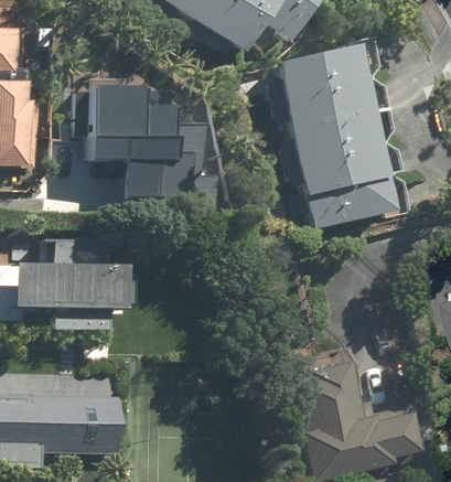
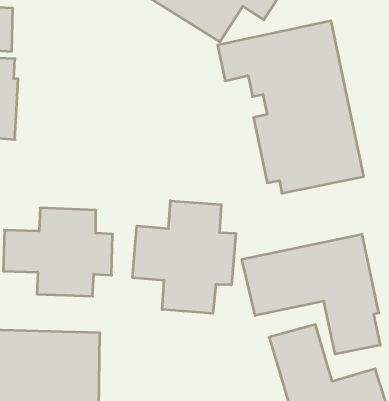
building: [67,95,193,200] -> none
building: none -> [133,201,236,313]
building: none -> [242,234,380,354]

